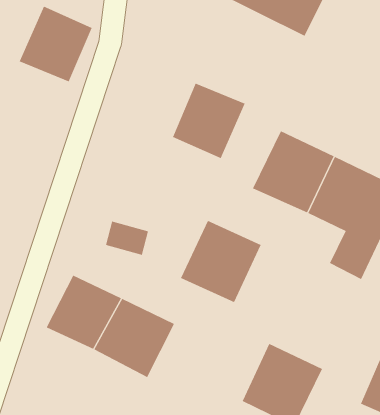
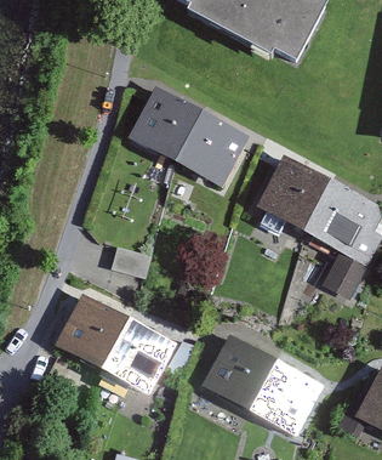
building: [19,6,92,82] -> [129,90,198,161]
building: [180,220,261,303] -> [190,333,267,410]

